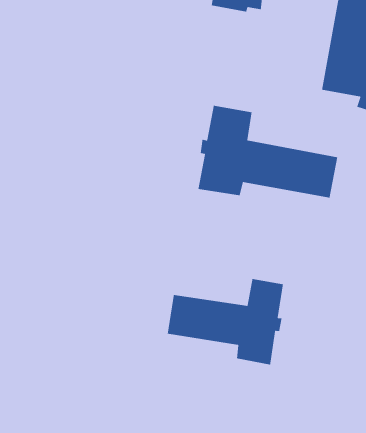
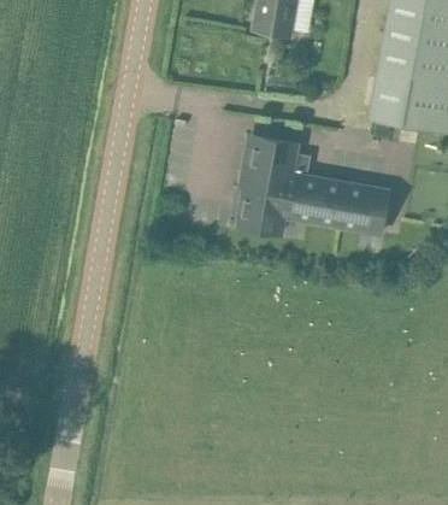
building: [167,278,284,365] -> none

